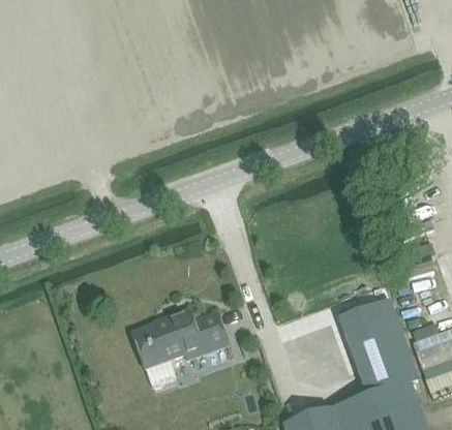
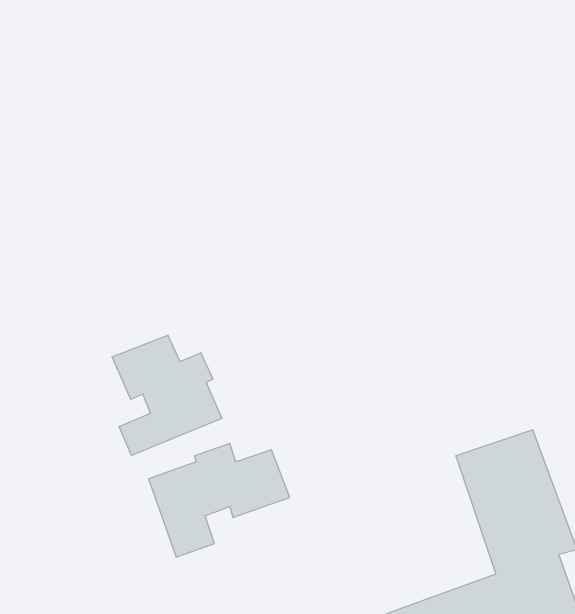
building: none -> [112,335,222,456]

